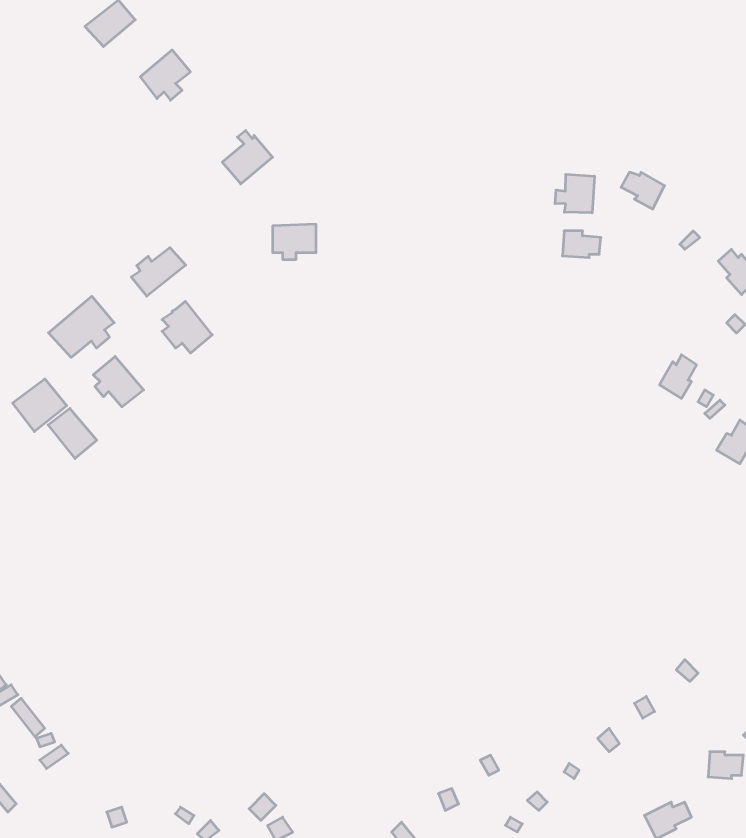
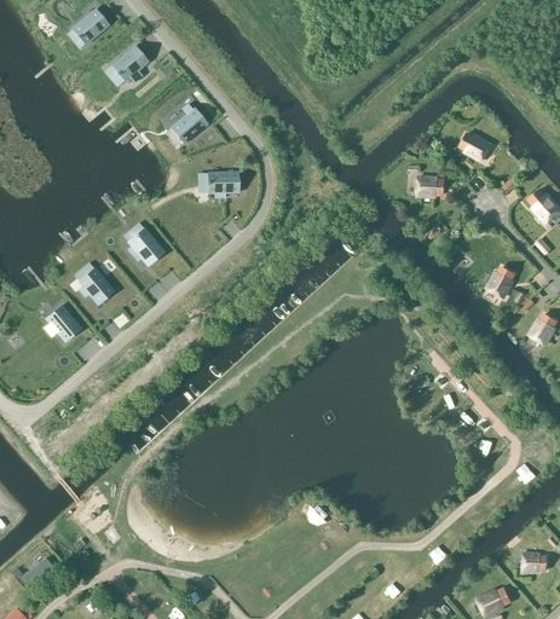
building: [555,174,594,213] -> none
building: [131,248,186,296] -> none
building: [48,296,114,357] -> none
building: [13,379,67,432] -> none

